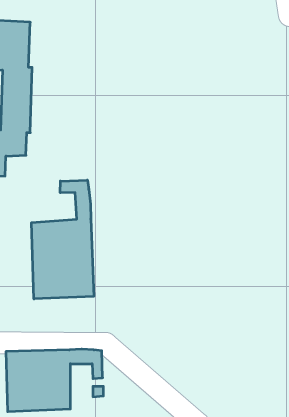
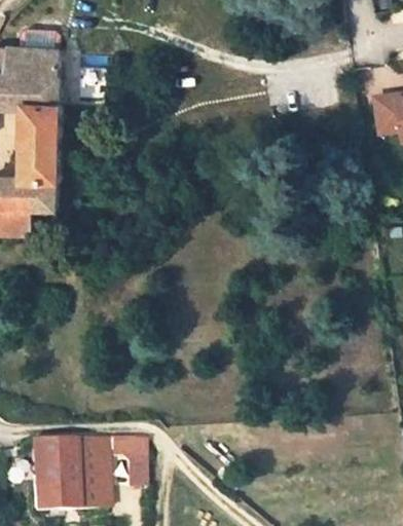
building: [32,180,94,299] -> none

